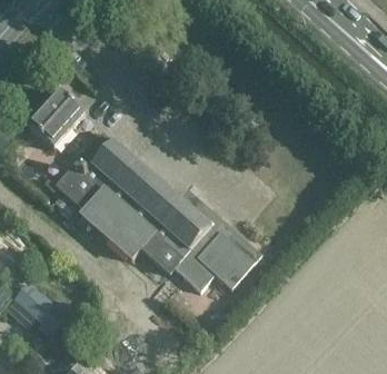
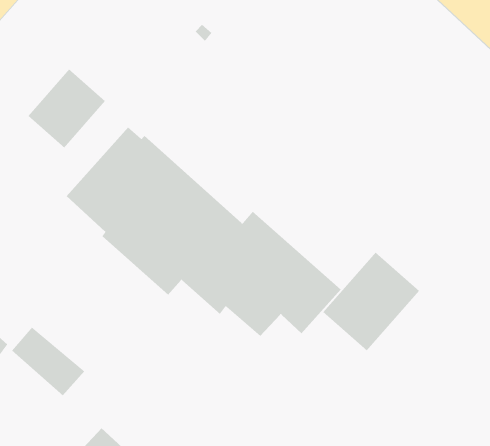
building: none -> [322,252,420,351]

